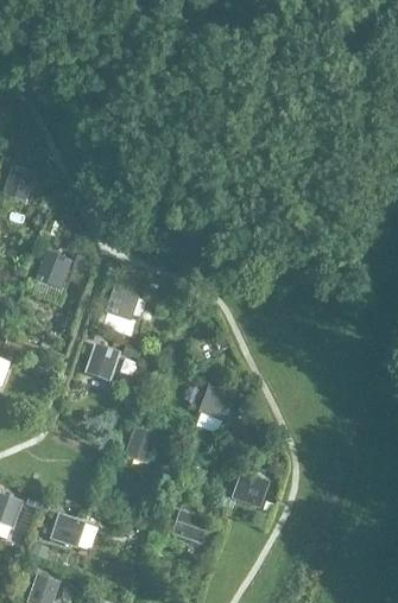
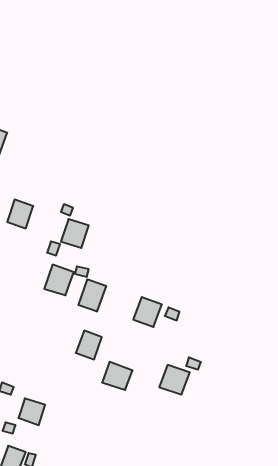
building: none -> [78,279,106,312]
building: [170,508,209,544] -> [102,362,133,390]

